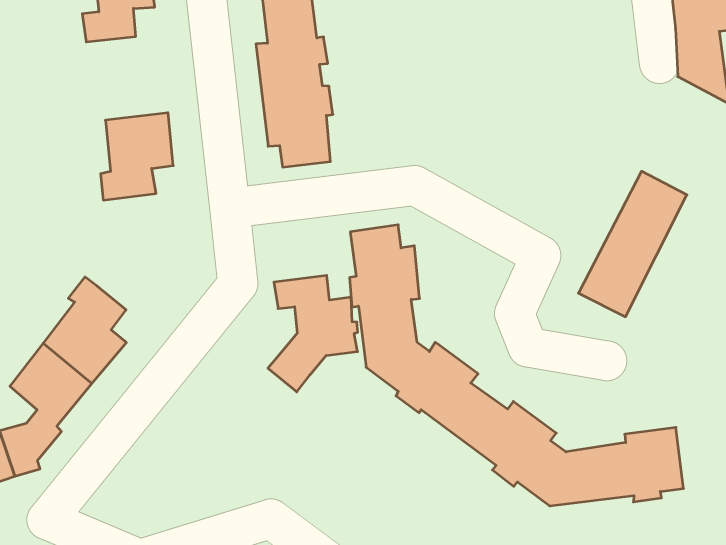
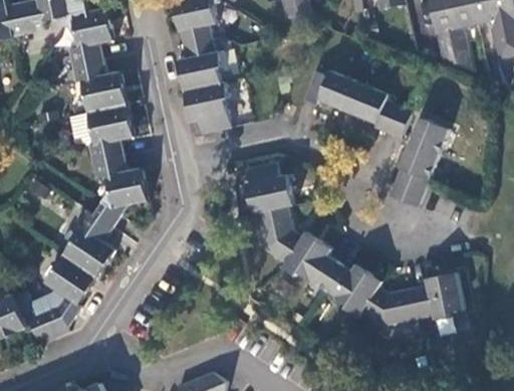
building: none -> [72,60,126,114]
building: none -> [303,68,413,137]
building: [268,275,358,392] -> [91,156,147,229]

